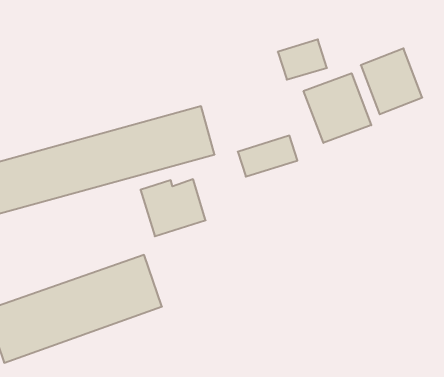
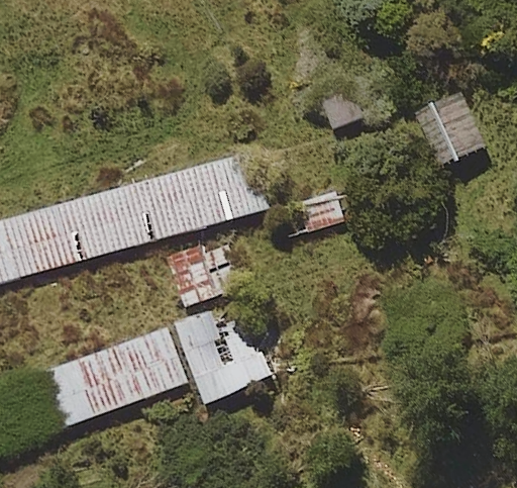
building: [304,73,371,143] -> none
building: none -> [175,312,273,403]

